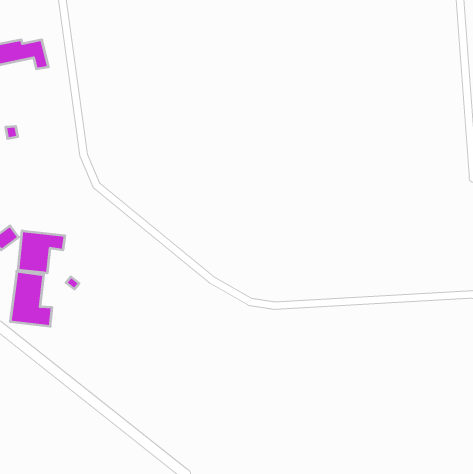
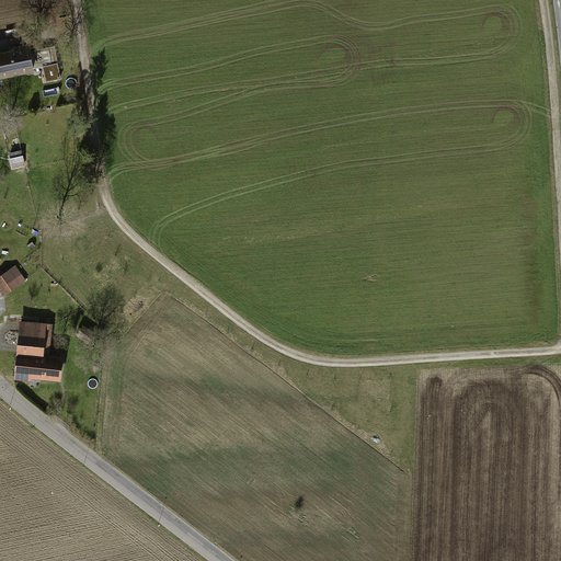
building: [18,231,65,273] -> none

